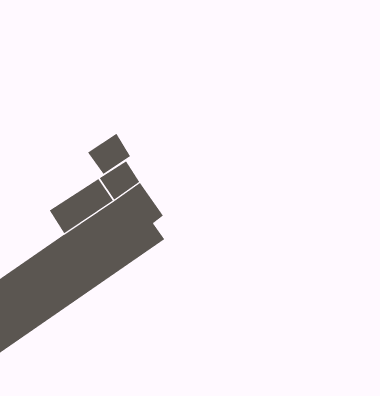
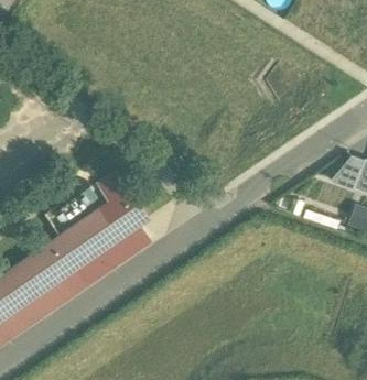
building: [87,133,131,175] -> none

